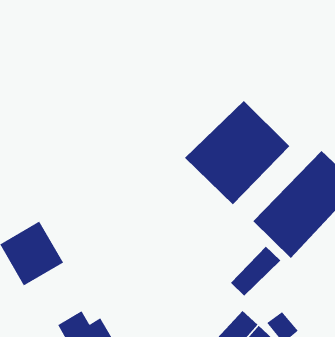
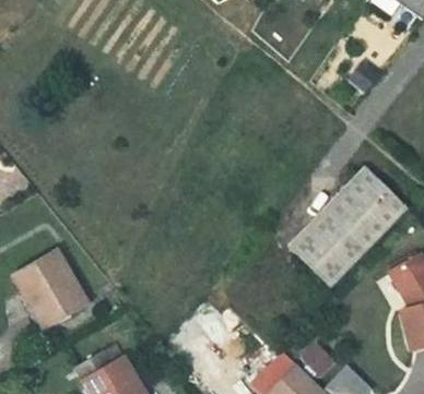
building: [184,100,290,205] -> none
building: [230,246,281,297] -> none

